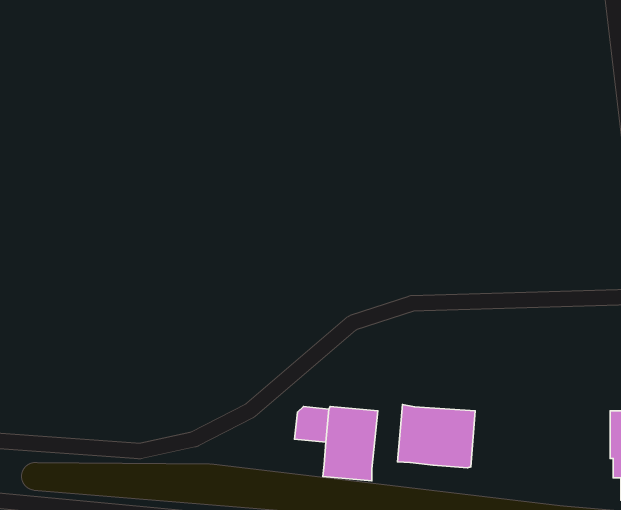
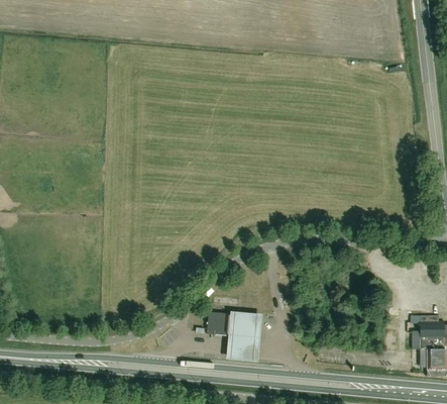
building: [398,404,475,468] -> none

